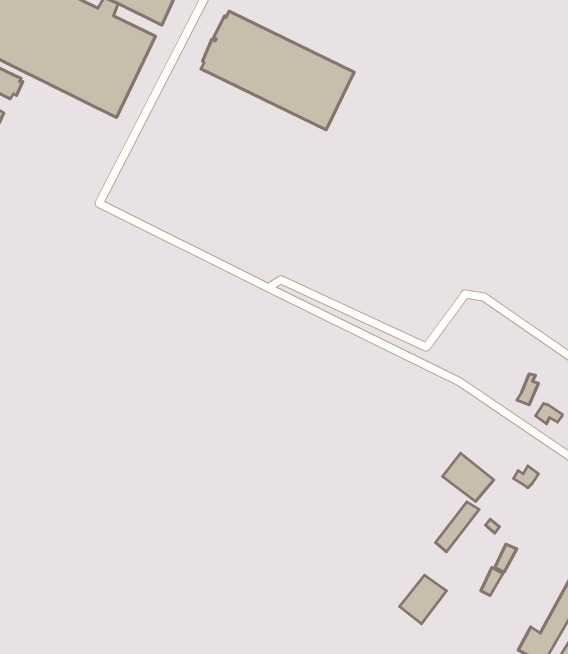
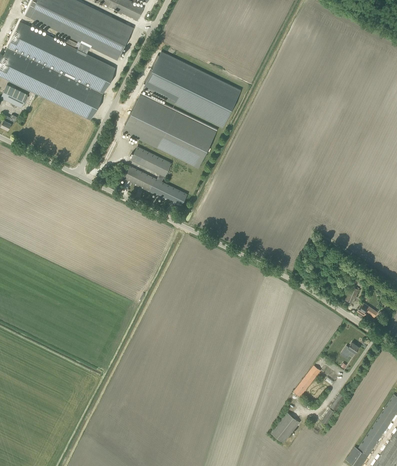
building: none -> [122,94,216,168]
building: none -> [122,146,187,207]
building: [443,453,494,501] -> none

